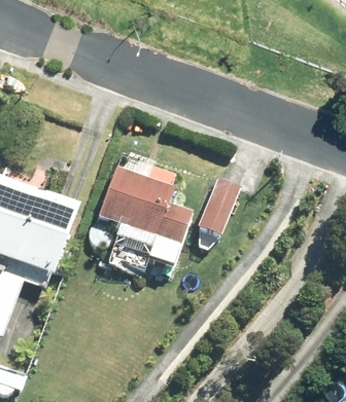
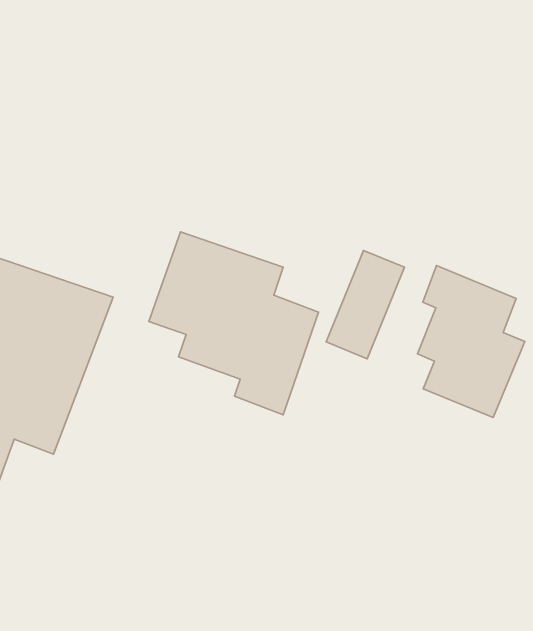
building: none -> [417,265,525,417]

